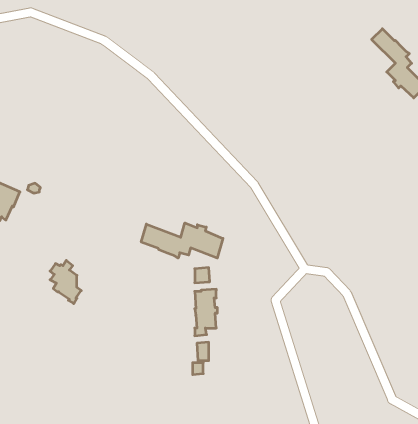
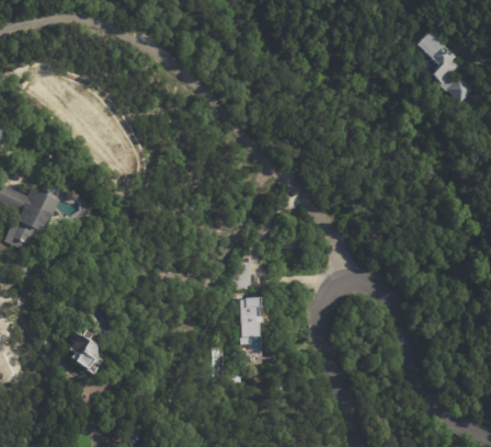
building: [141,223,223,258] -> none
building: [50,260,81,304] -> [71,329,103,373]

